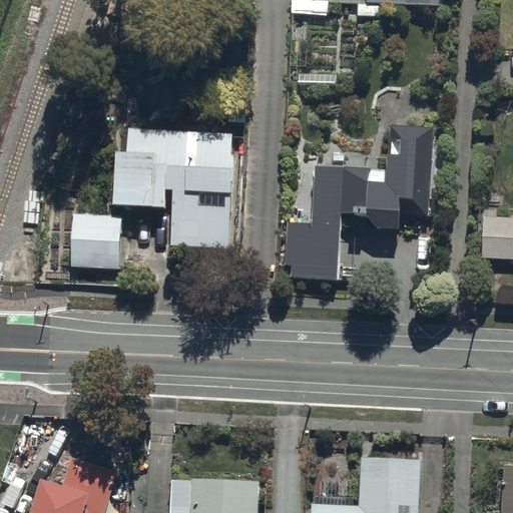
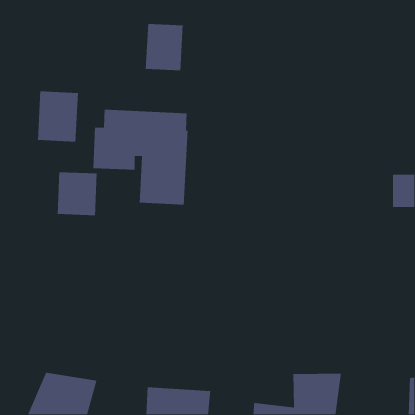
building: none -> [145,23,183,71]
building: none -> [37,90,79,143]
building: [284,124,434,280] -> none

